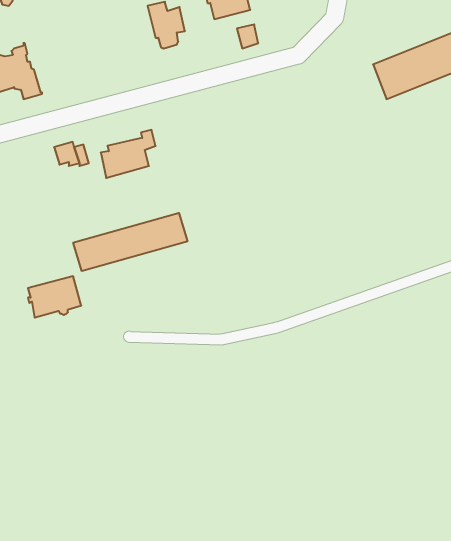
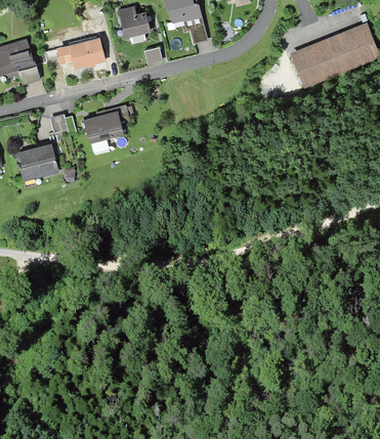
building: none -> [56,37,103,68]
building: [73,213,187,271] -> none
building: [28,276,81,318] -> [15,145,56,177]

